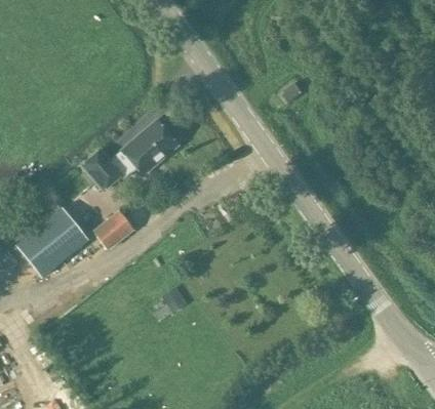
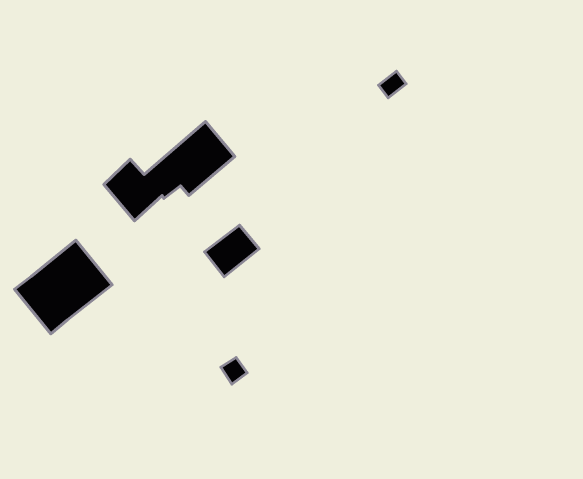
building: [92,210,132,248] -> [205,225,259,277]

